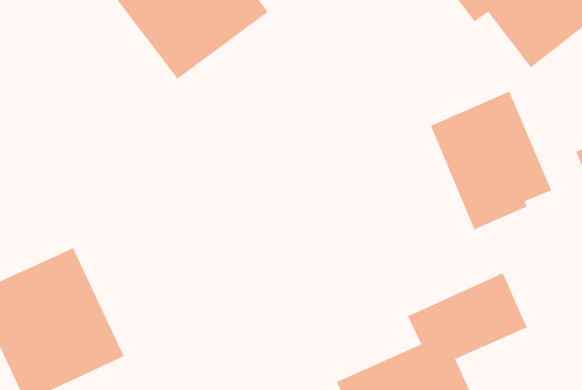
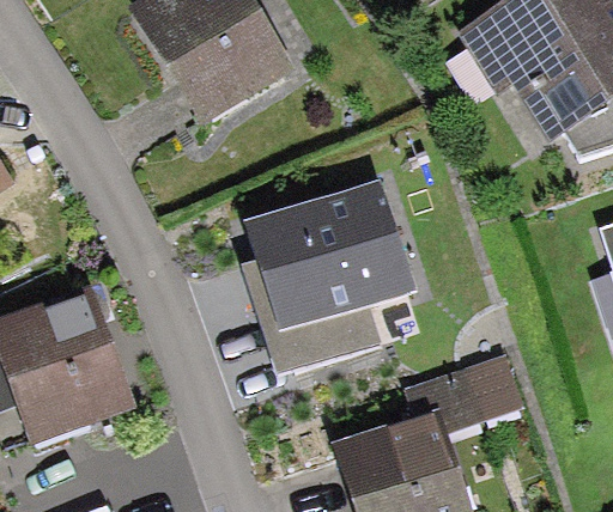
building: [430,91,552,230] -> none
building: none -> [247,184,423,342]

